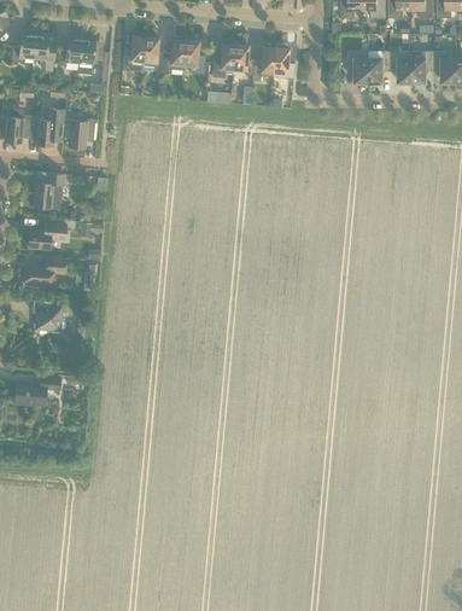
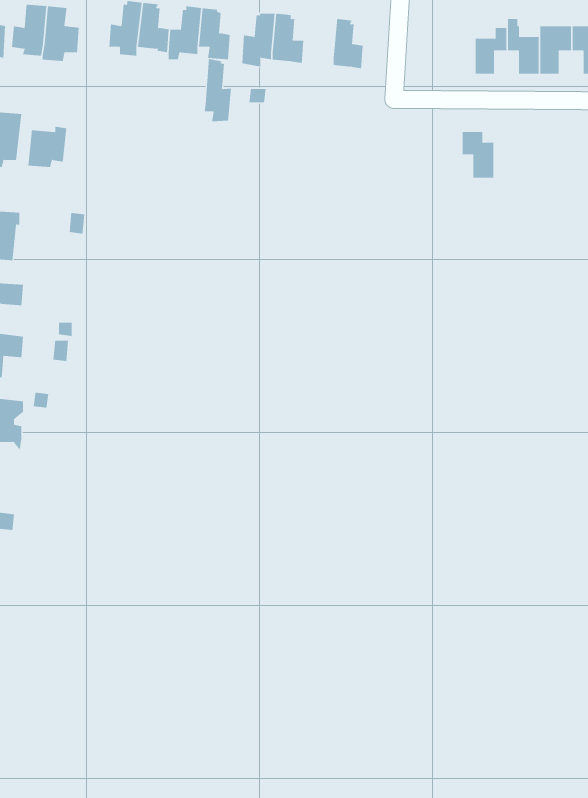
building: [250,42,274,78] -> none
building: [345,50,367,81] -> [462,132,494,178]
building: none -> [204,58,231,122]

